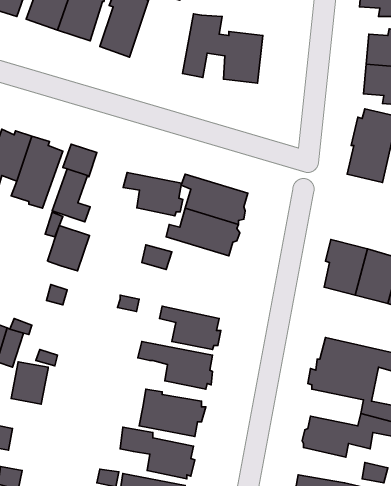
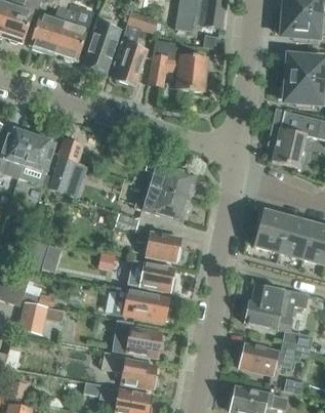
building: none -> [115,39,148,83]
building: [123,172,183,216] -> [136,229,181,261]
building: [47,225,89,271] -> none

